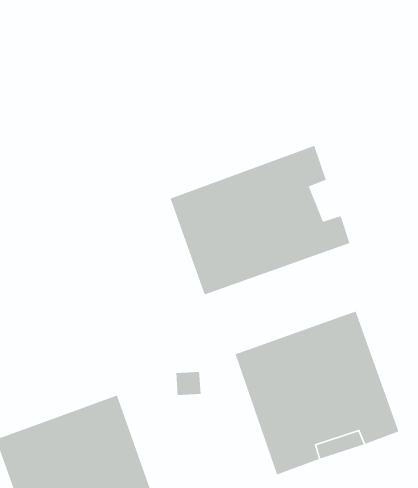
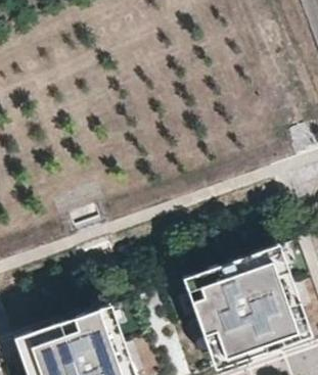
building: [169,145,351,296] -> none

